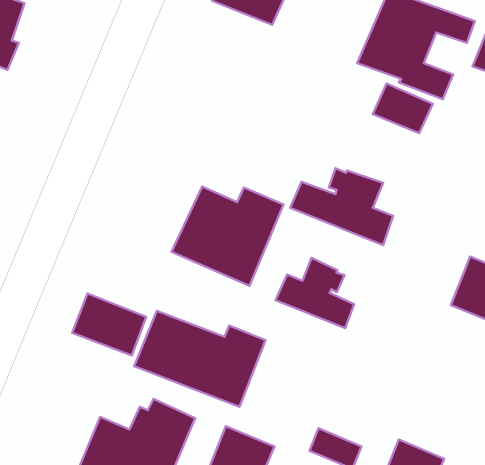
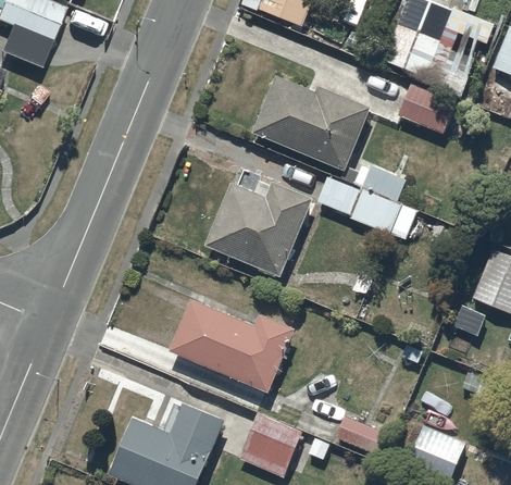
building: none -> [253,76,371,172]
building: [276,258,354,328] -> none
building: [72,294,146,356] -> none

